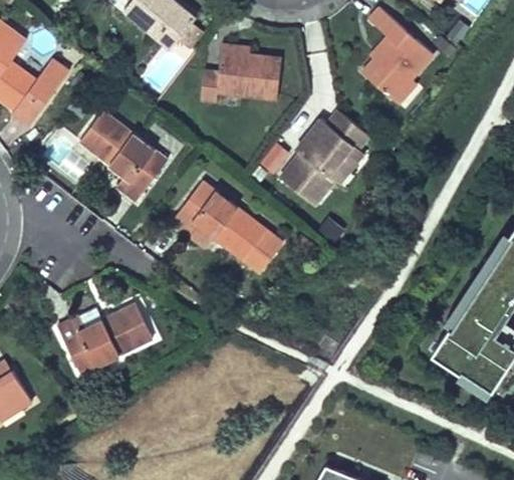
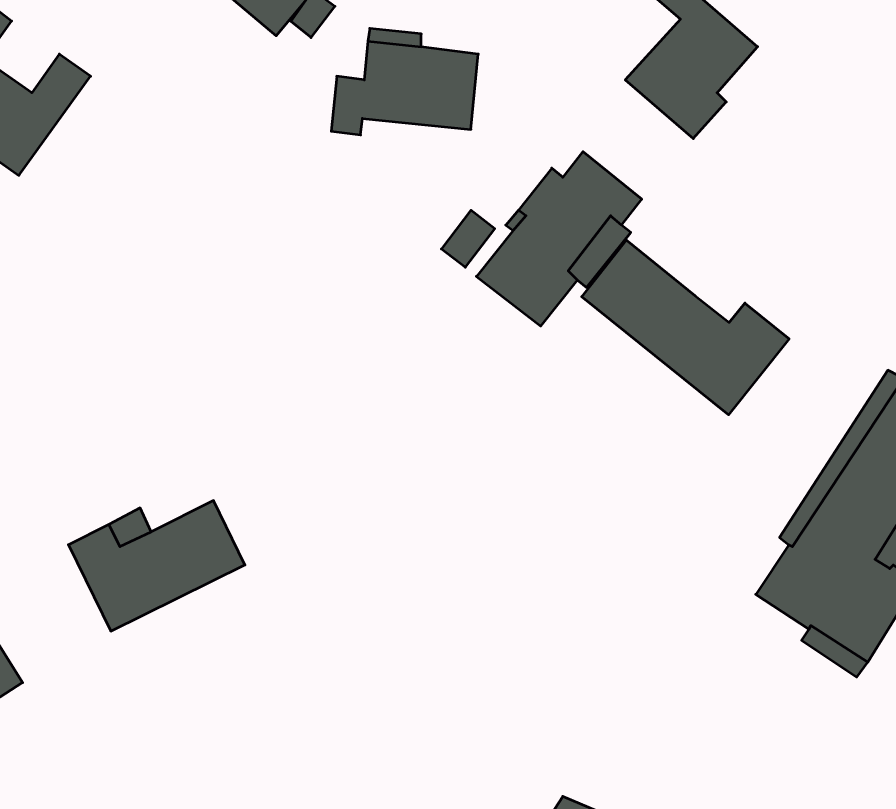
building: [78,110,167,202] -> none
building: none -> [582,240,789,415]
building: [170,181,282,272] -> none

